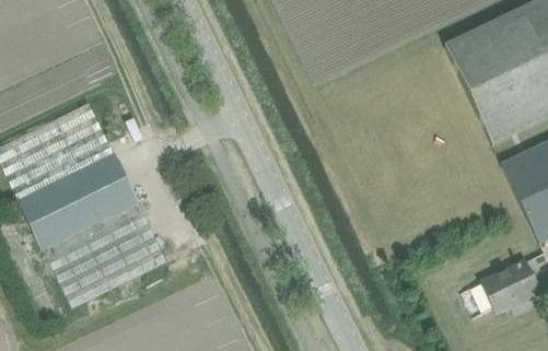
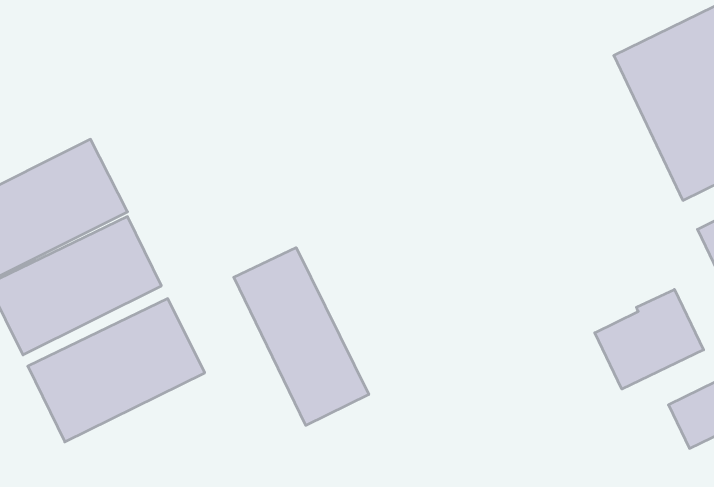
building: none -> [234,248,369,425]
building: none -> [595,289,704,389]

